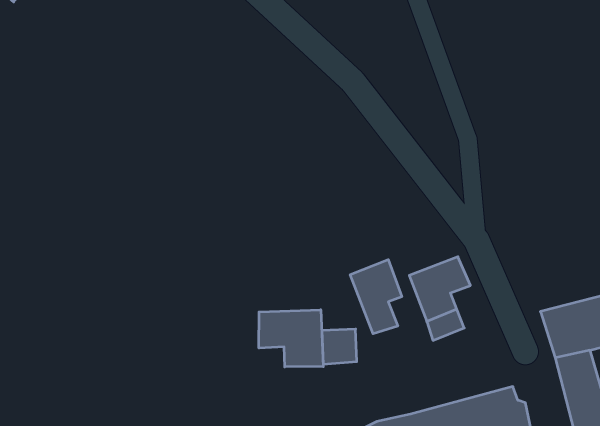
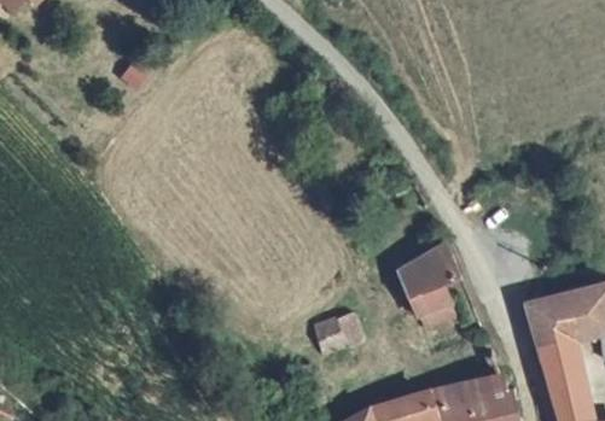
building: [350,260,402,334] -> none
building: [259,310,323,367] -> none

